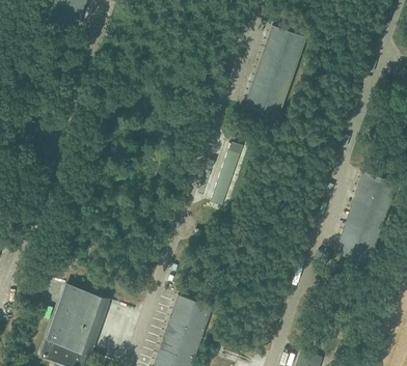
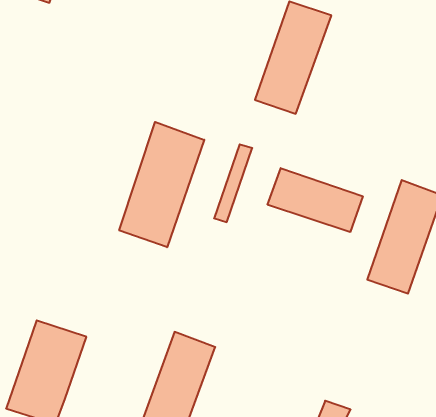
building: none -> [119,122,204,247]
building: none -> [268,168,363,232]

